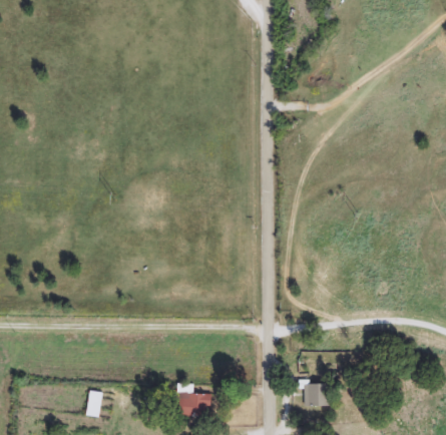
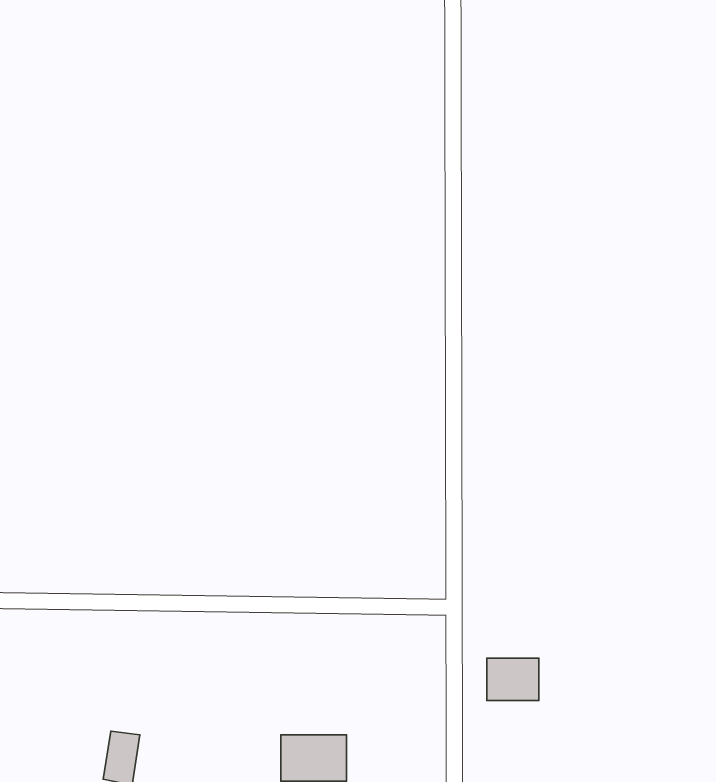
building: [305,384,332,406] -> [487,658,539,701]

